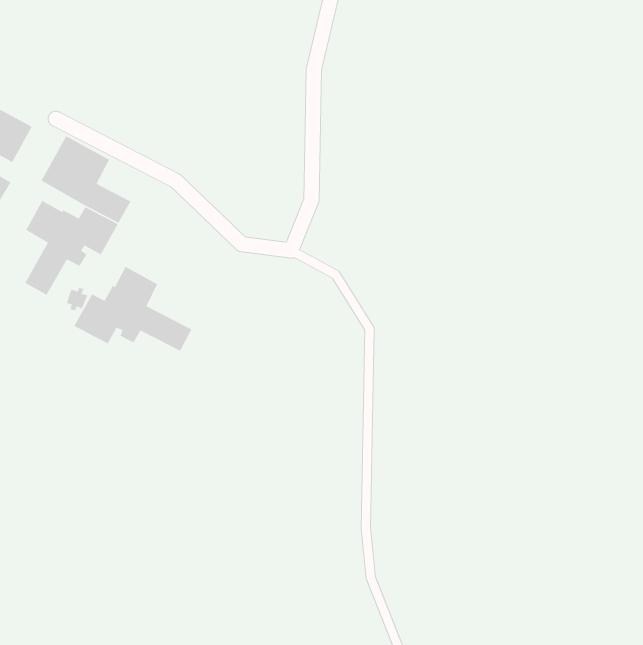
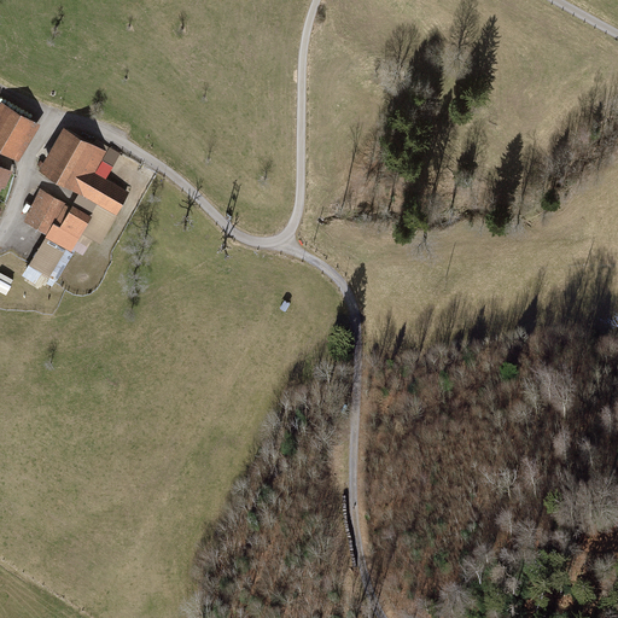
building: [73,266,192,352] -> none

